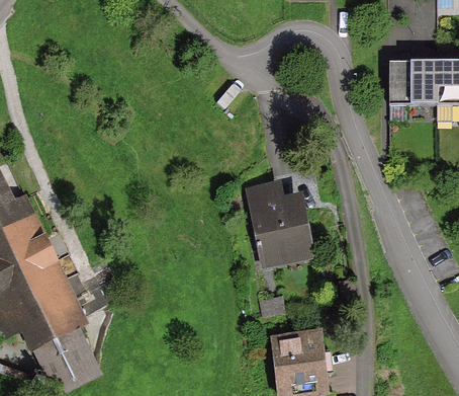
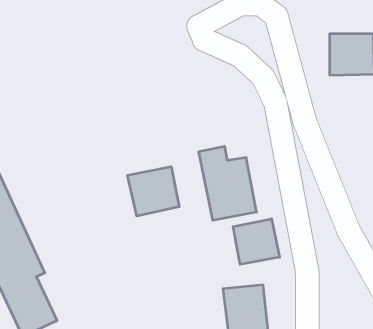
building: none -> [128,167,179,216]
building: none -> [233,219,280,264]

